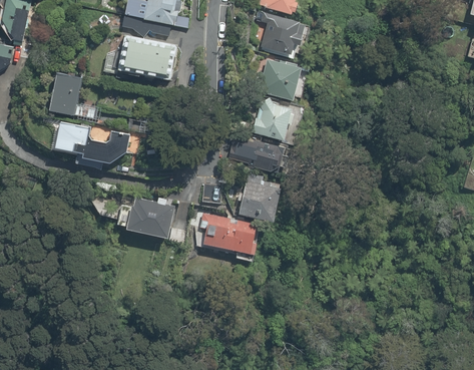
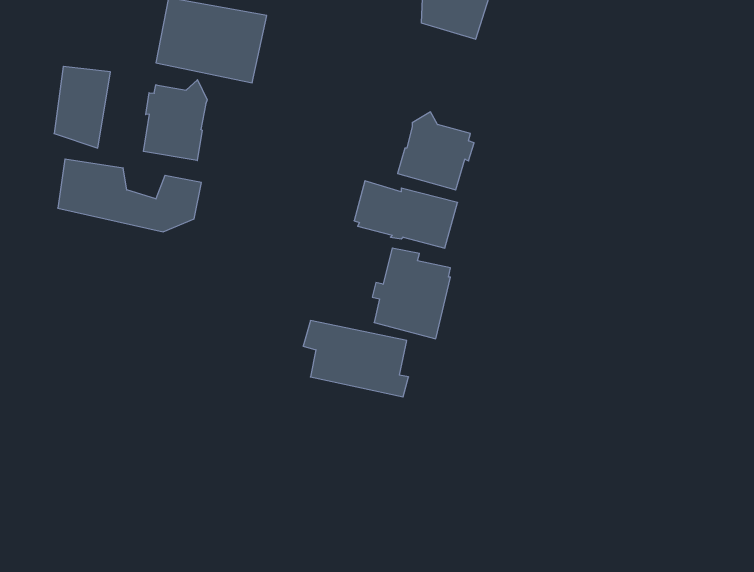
building: [255,59,300,101] -> none
building: none -> [143,80,207,161]
building: [124,198,173,240] -> none

